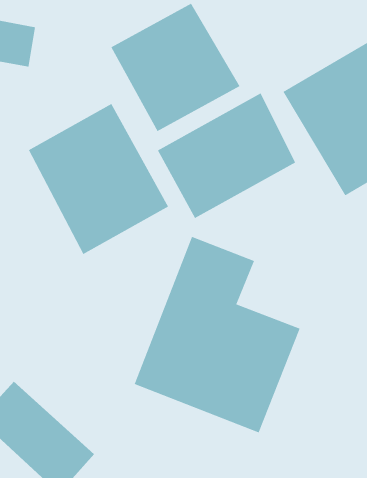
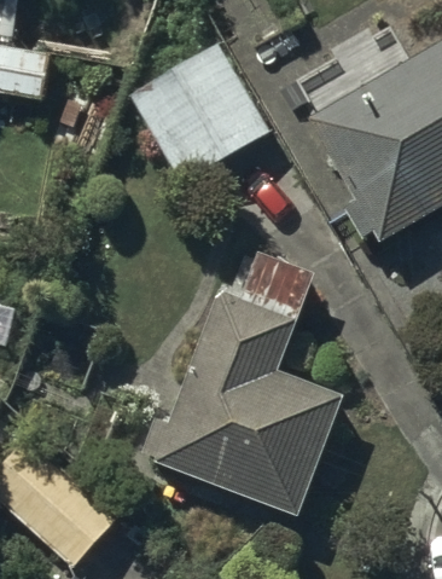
building: [157,92,296,219] -> none
building: [28,103,169,255] -> none

